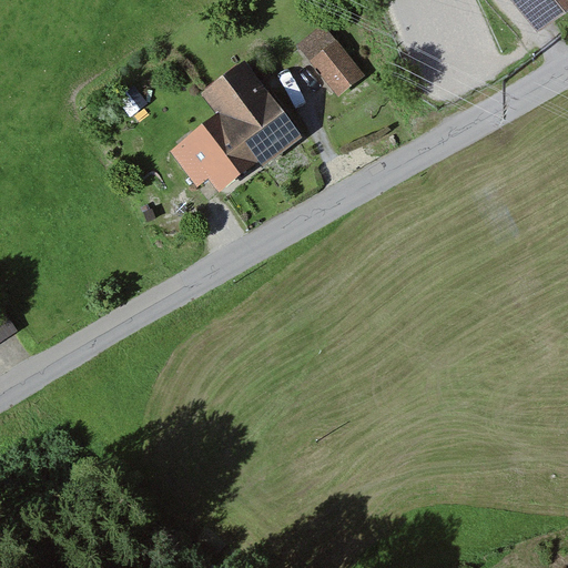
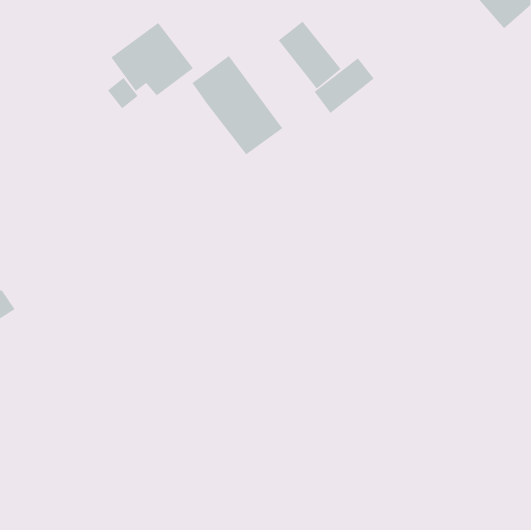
building: none -> [314,57,375,114]
building: [170,112,258,191] -> [111,22,194,96]

